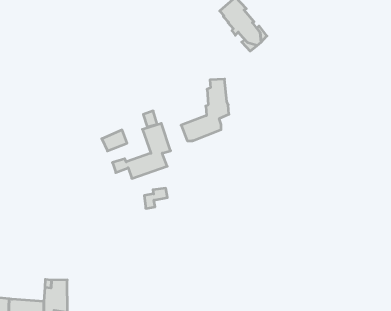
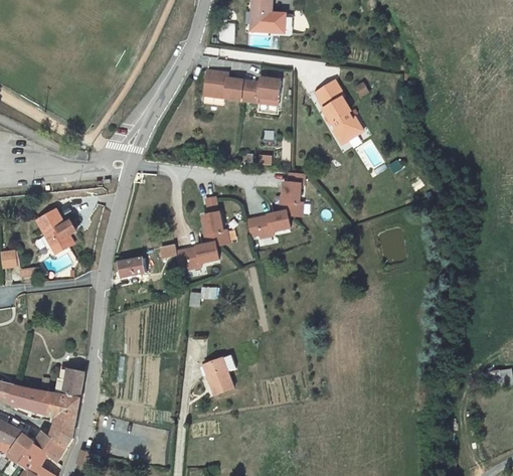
building: none -> [201,71,279,103]
building: [102,130,127,151] -> [117,256,145,277]
building: none -> [39,206,77,249]
building: none -> [203,355,235,395]

